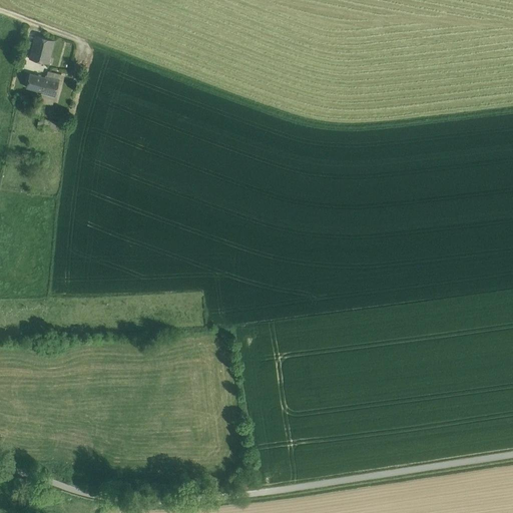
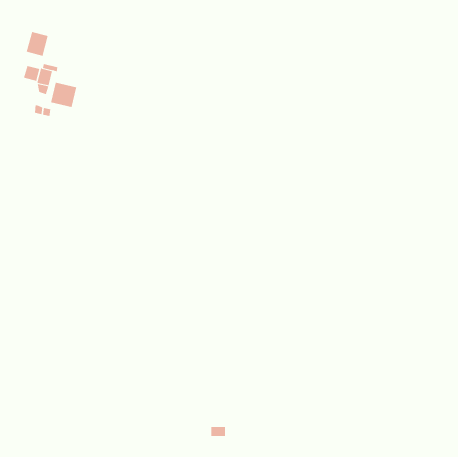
building: none -> [50,82,77,108]

